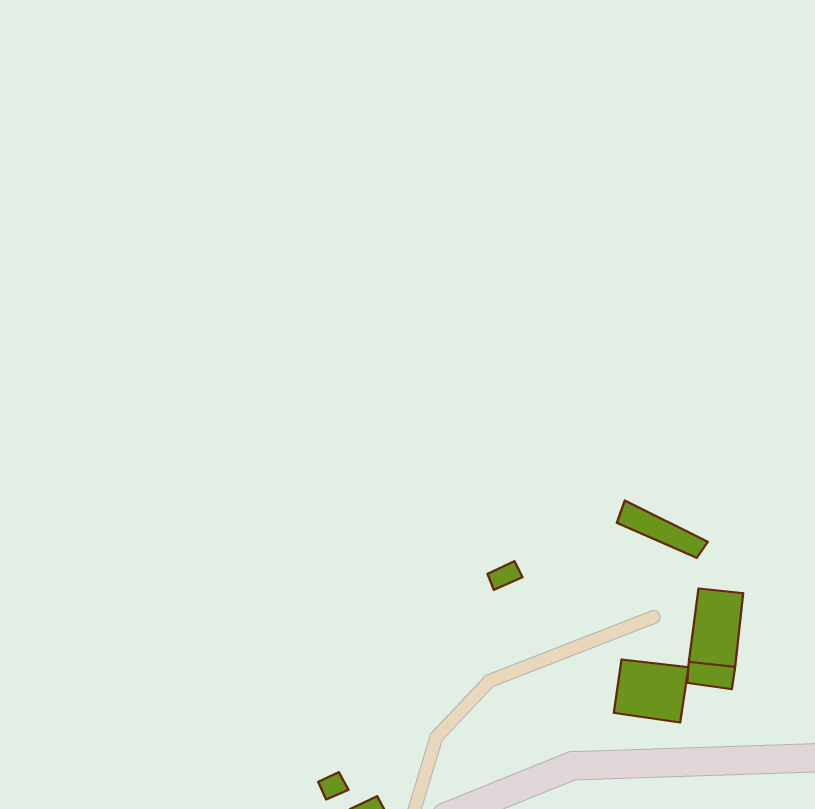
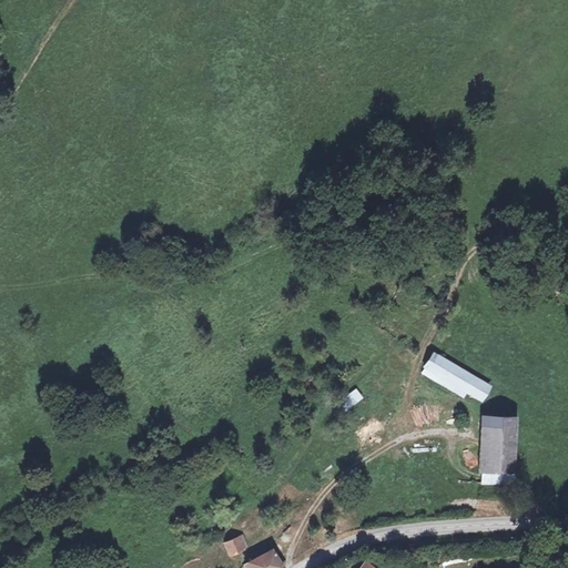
building: [614,660,688,722] -> none

